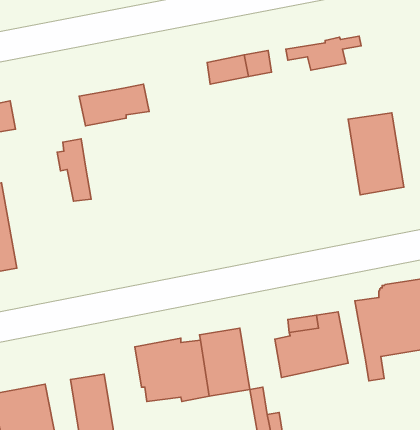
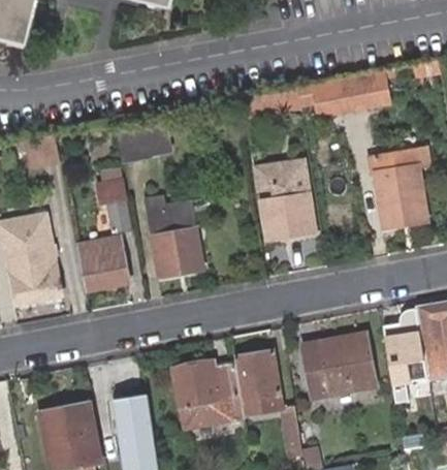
building: none -> [256,162,315,239]
building: none -> [149,196,203,276]
building: none -> [84,240,129,289]

